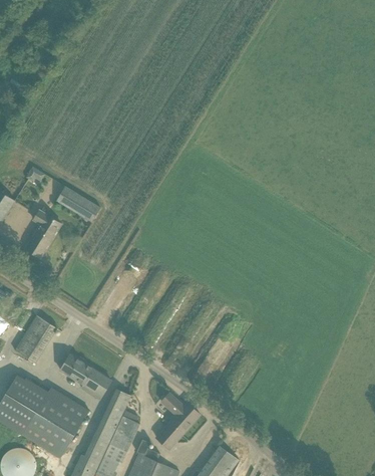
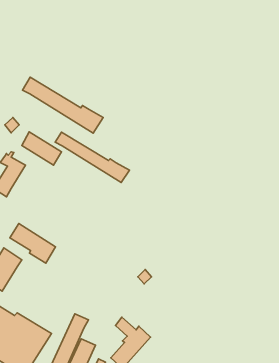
building: none -> [23,77,103,133]
building: none -> [55,132,129,183]
building: [60,354,111,399] -> [10,224,56,263]

